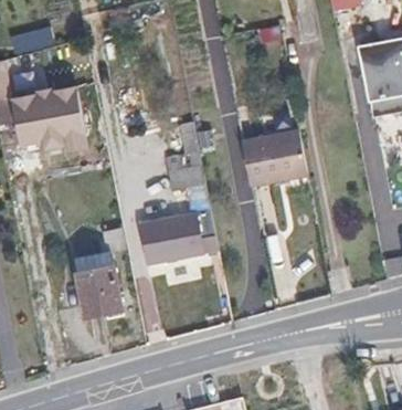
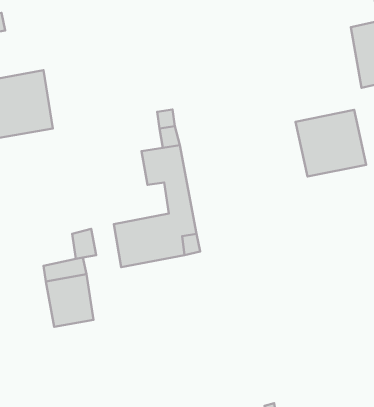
building: [242,126,307,188] -> [296,110,366,177]

